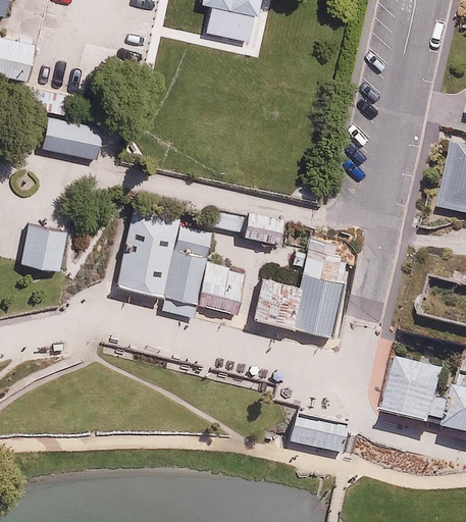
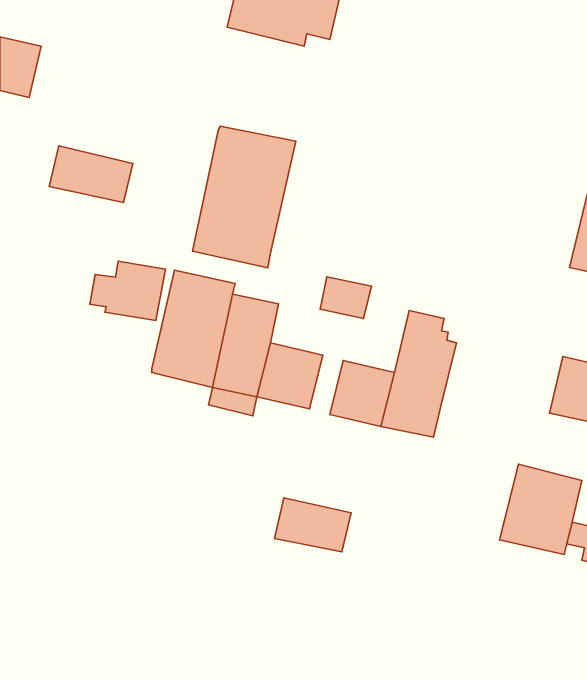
building: none -> [193,126,296,268]
building: [7,224,64,269] -> [90,261,165,320]
building: [292,414,350,455] -> [274,498,351,552]

